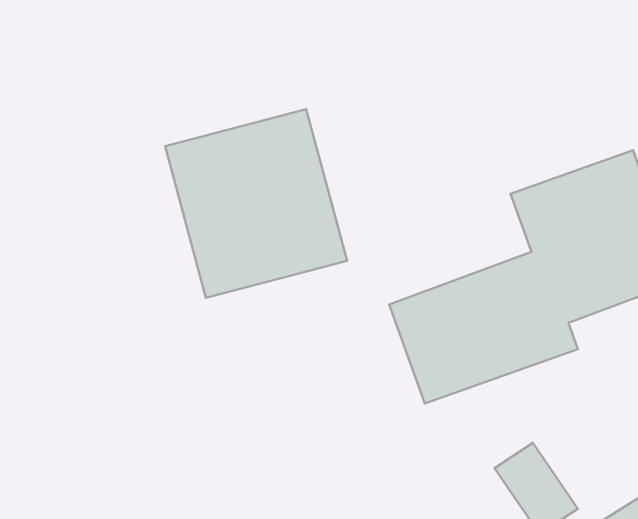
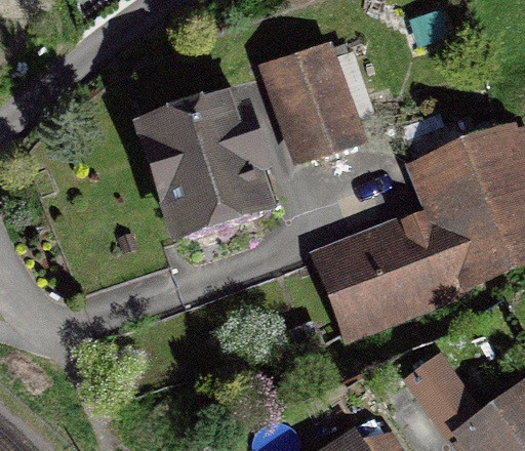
building: none -> [272,47,368,155]

